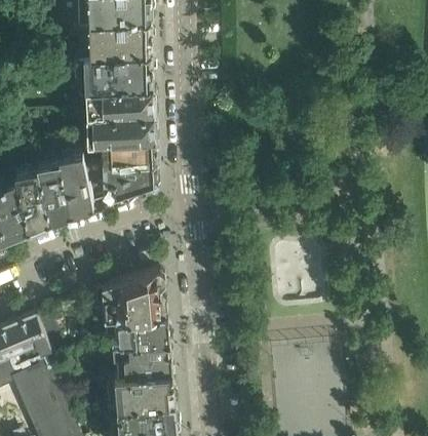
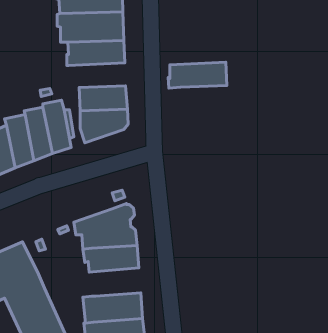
building: [86,112,154,142] -> [168,62,227,88]
building: [112,348,171,381] -> none

